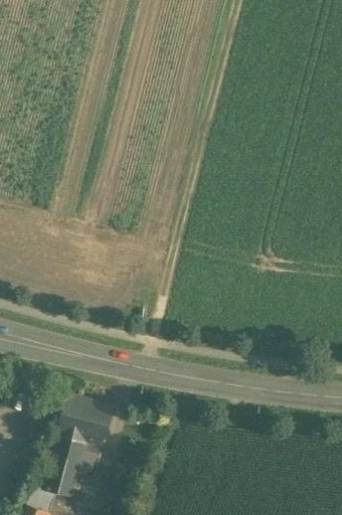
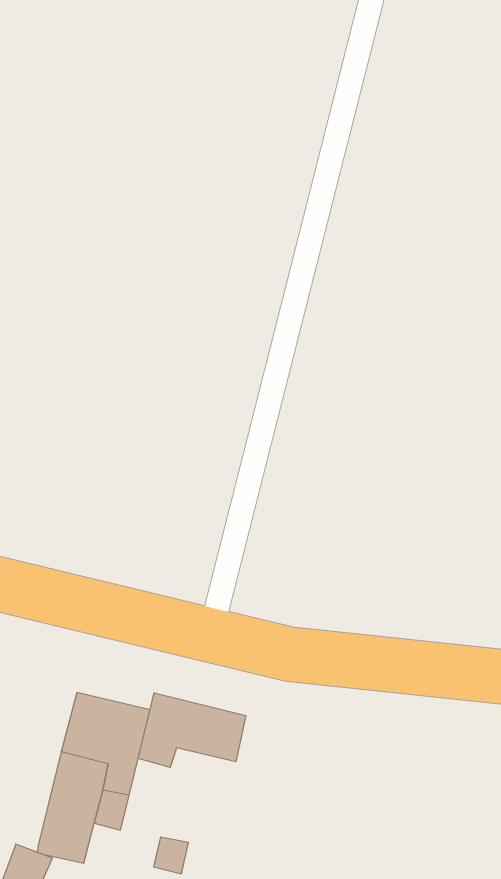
building: none -> [138,693,246,767]

